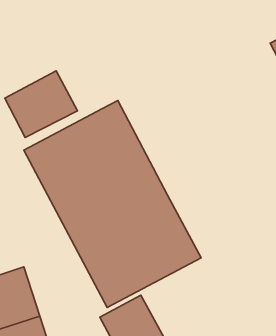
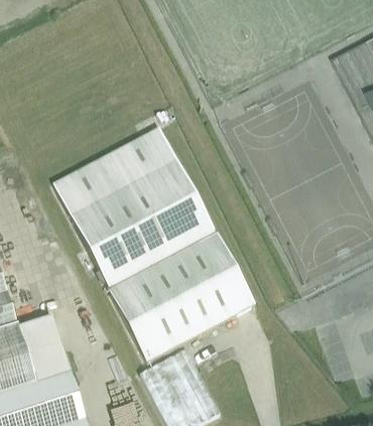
building: [5,71,77,138] -> none

